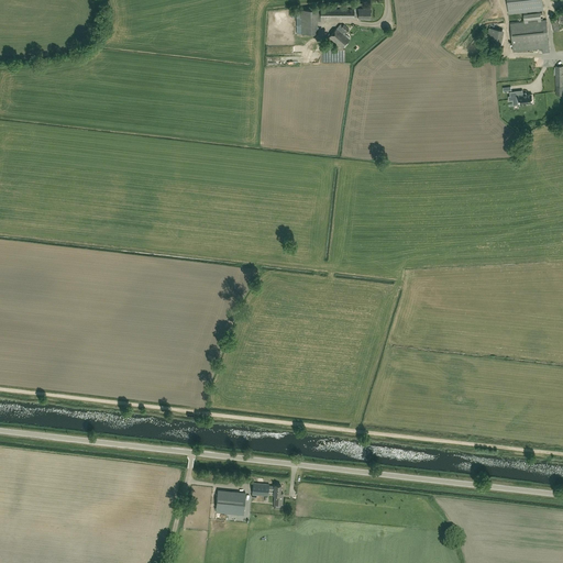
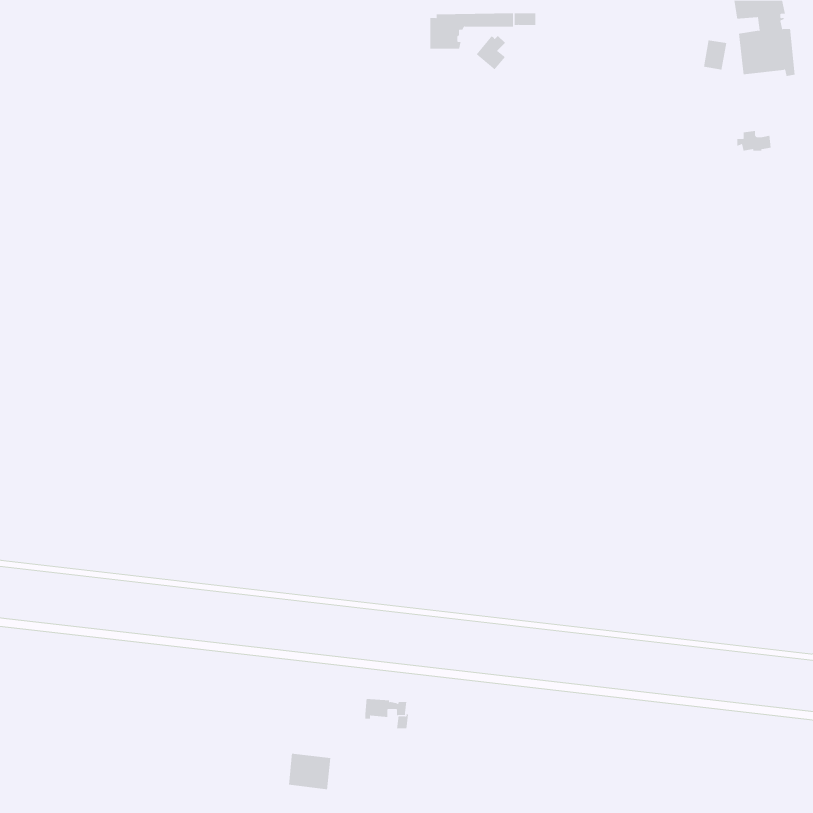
building: [216,489,245,515] -> [288,753,331,790]

